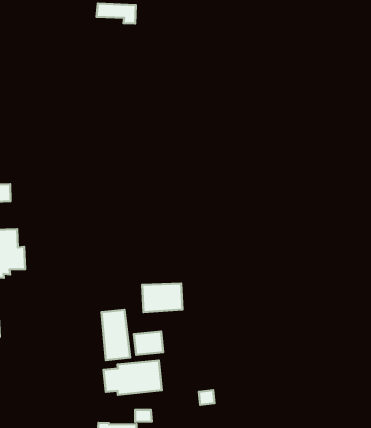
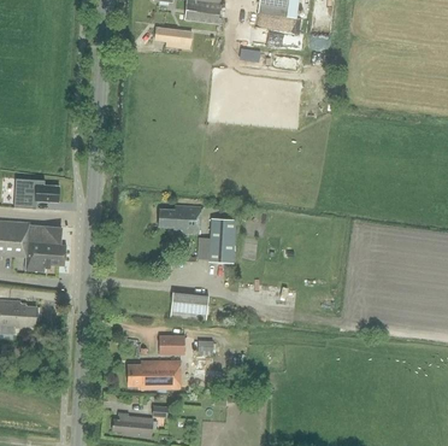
building: none -> [158,205,200,233]
building: none -> [208,217,236,262]
building: [102,310,130,360] -> none

